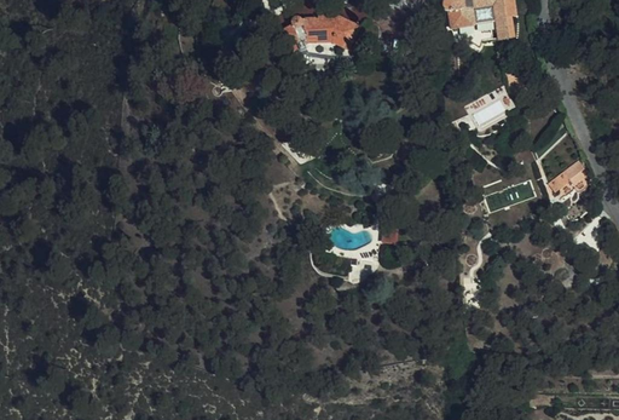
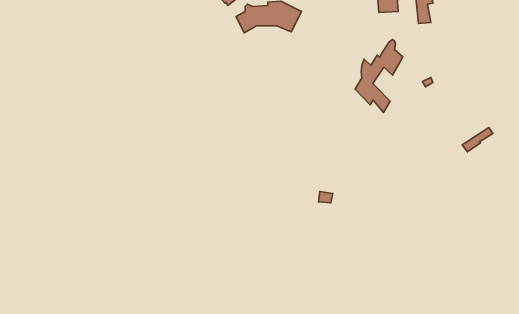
building: none -> [355,39,403,112]

